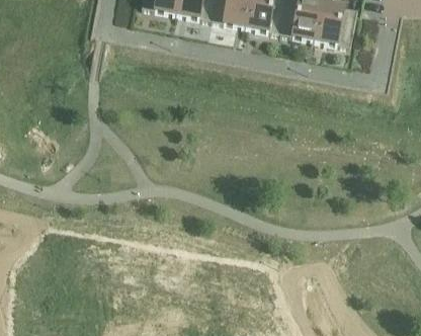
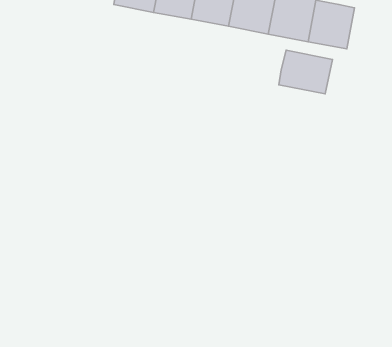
building: none -> [279,50,333,94]

